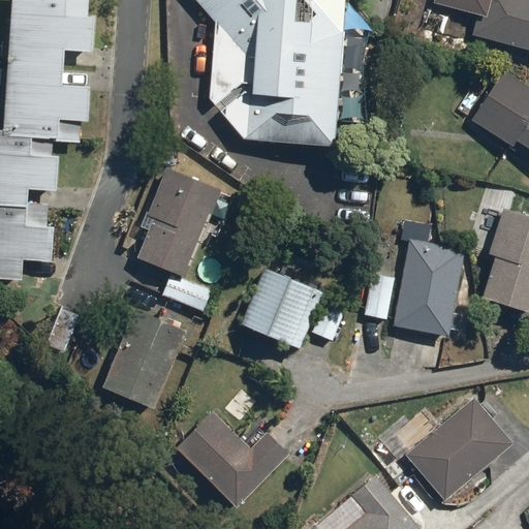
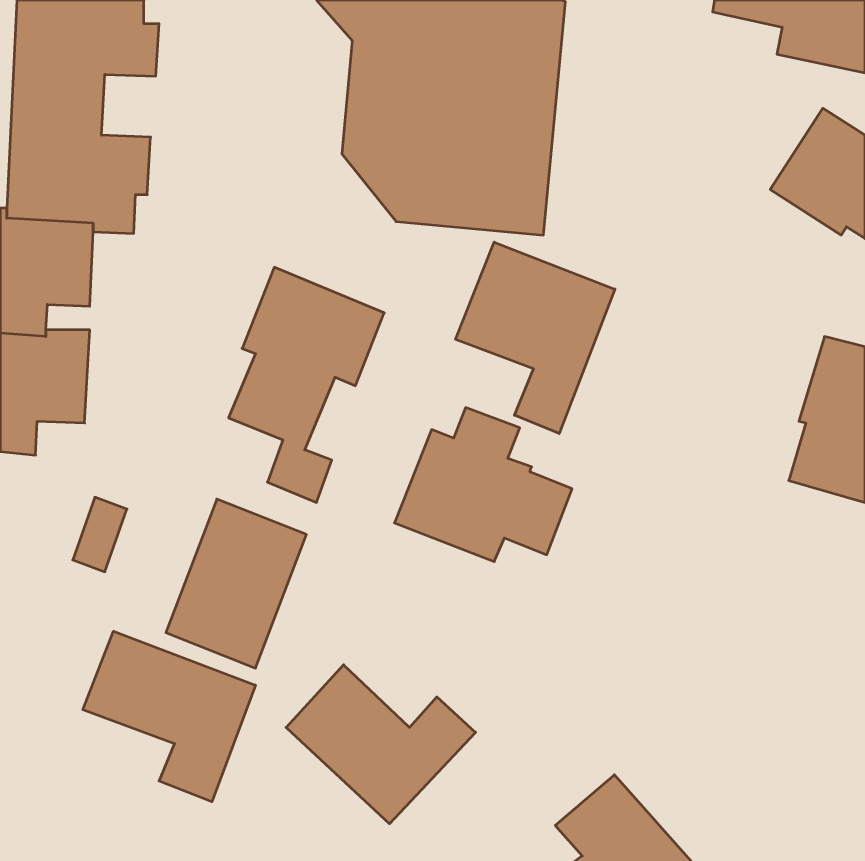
building: none -> [456,242,615,434]
building: [365,239,464,336] -> none
building: none -> [83,631,255,802]
building: [405,395,512,500] -> none

